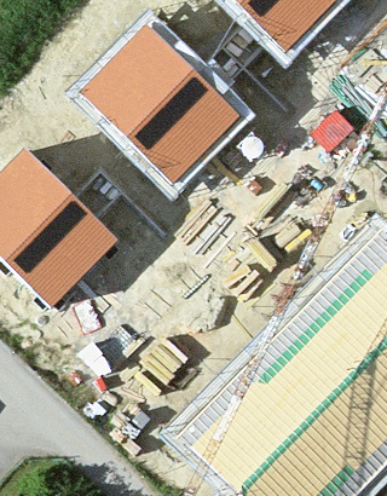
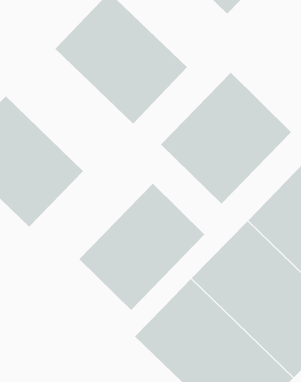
building: none -> [160,72,292,205]
building: none -> [79,183,205,311]

